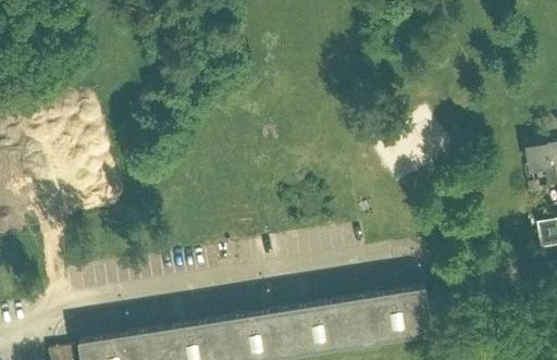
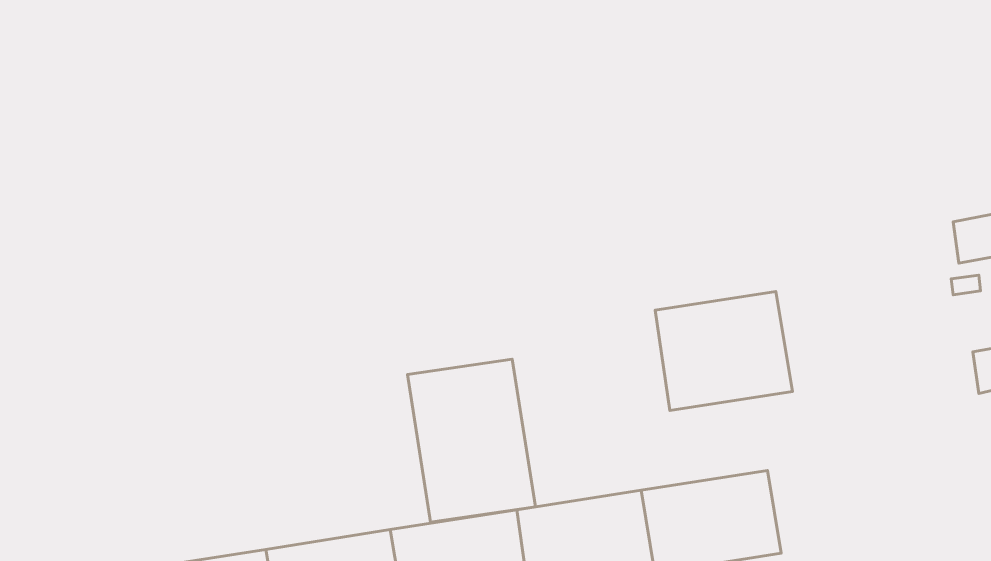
building: none -> [655,292,793,411]
building: none -> [408,359,535,522]

